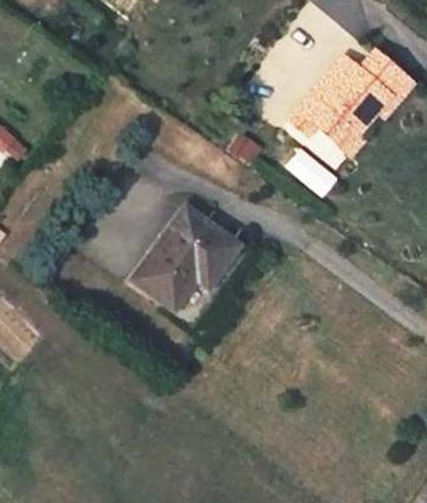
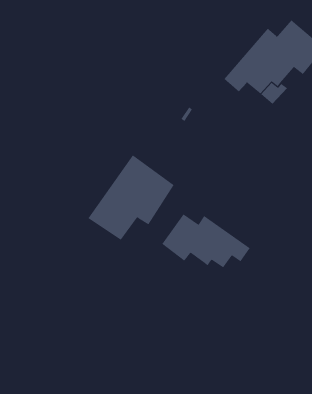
building: none -> [161,213,250,268]

